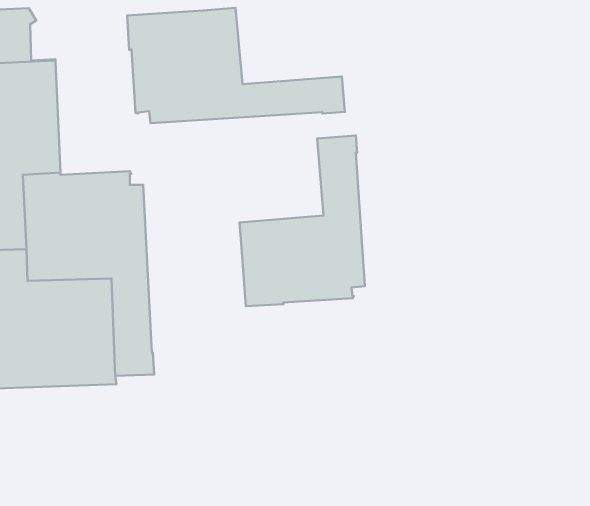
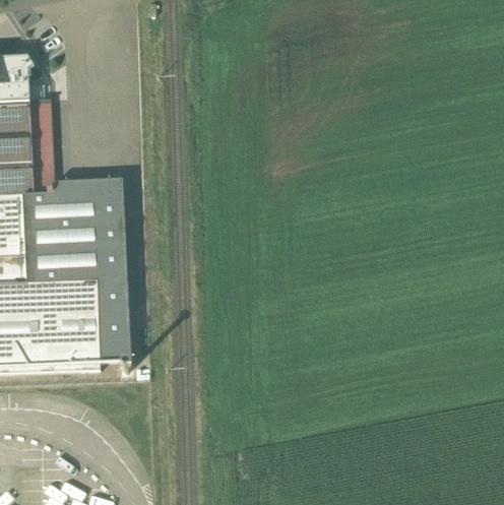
building: [127,8,345,123] -> none
building: [240,135,365,306] -> none

